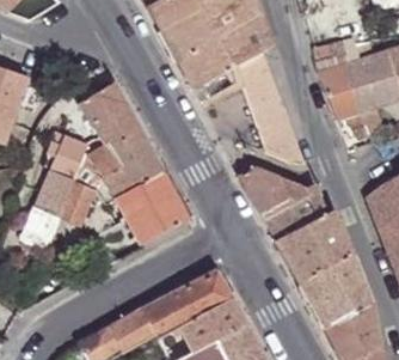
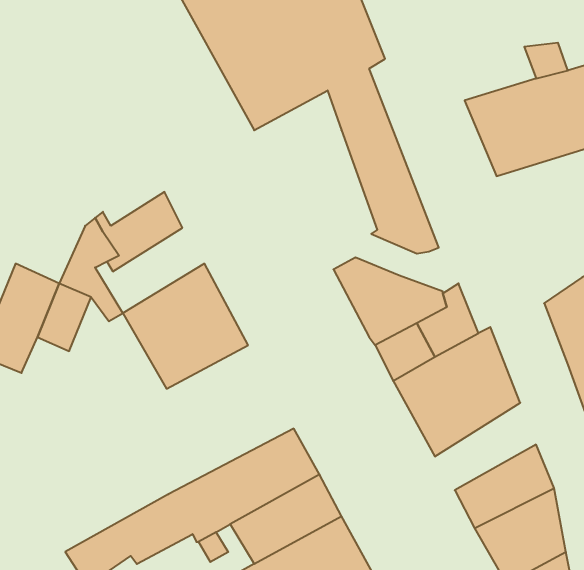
building: [78,80,139,147] -> none
building: [49,135,91,182] -> none
building: [97,148,162,200] -> none
building: [301,254,362,306] -> none

